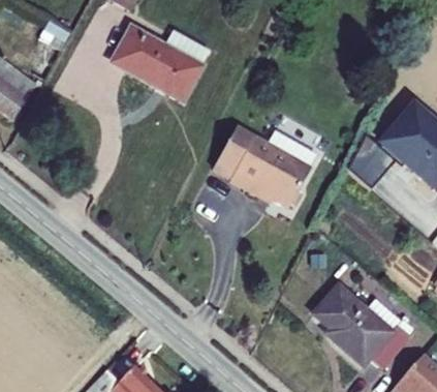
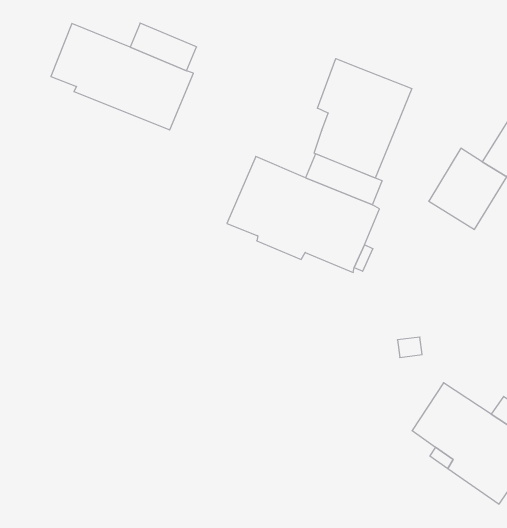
building: none -> [314,59,412,178]

